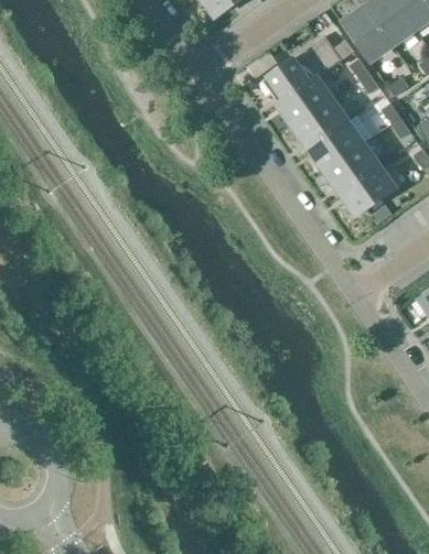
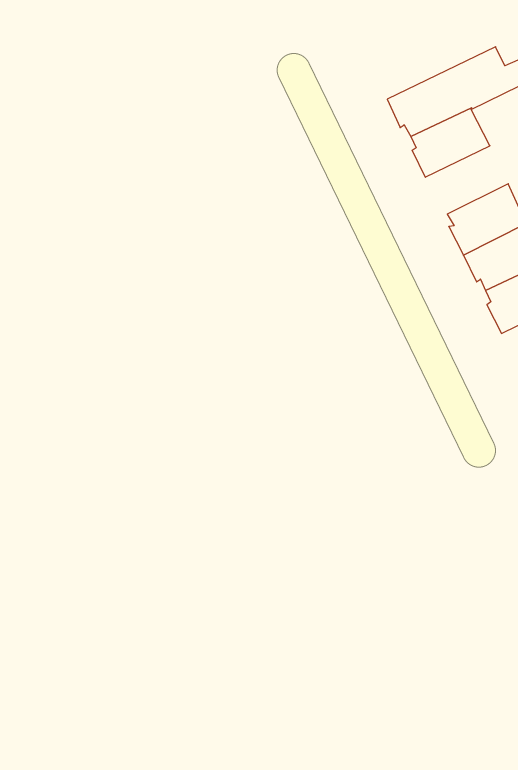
building: [293,99,346,146] -> none

